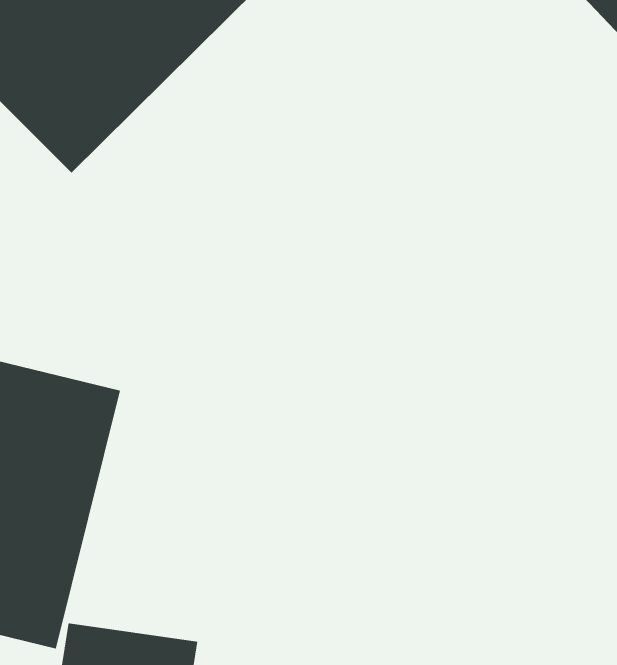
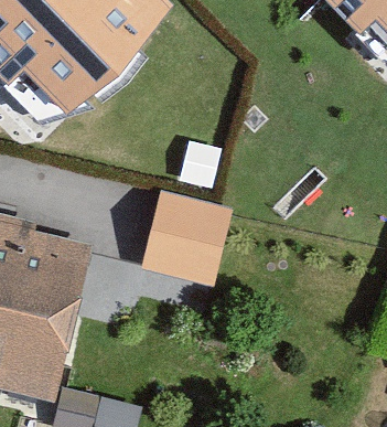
building: none -> [142,191,234,287]

